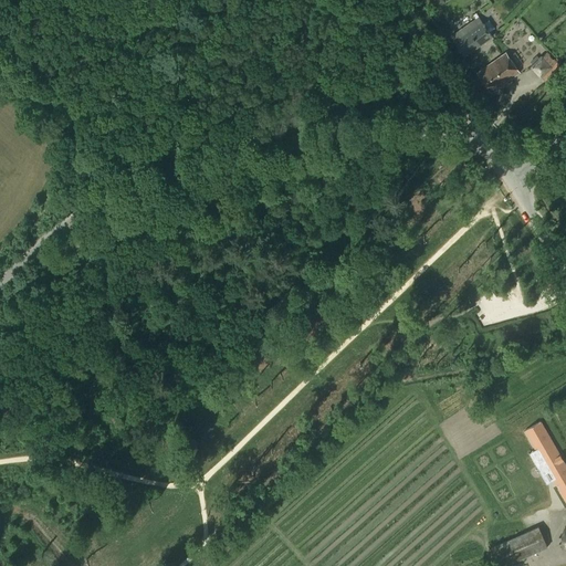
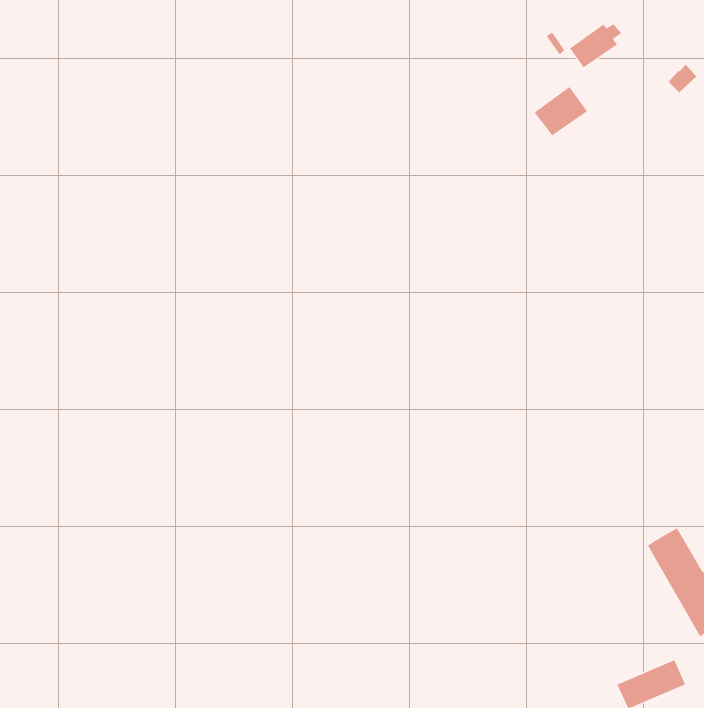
building: [481,51,524,91] -> [534,86,588,136]

